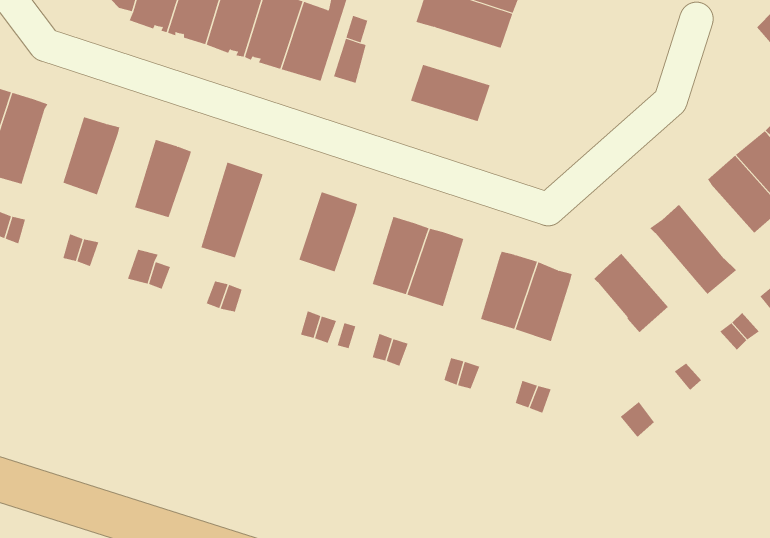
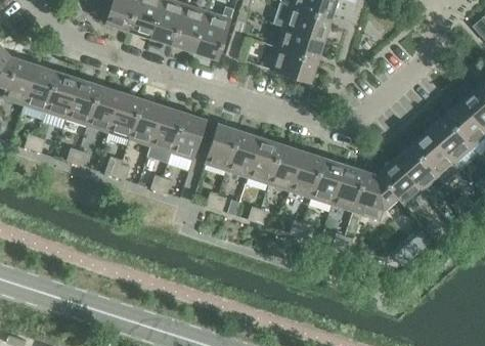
building: none -> [277,27,323,60]
building: none -> [45,72,79,118]
building: none -> [87,85,121,132]
building: none -> [129,99,163,145]
building: none -> [171,113,206,160]
building: none -> [428,116,472,162]
building: none -> [226,130,260,177]
building: none -> [394,144,438,190]
building: none -> [290,150,323,198]
building: none -> [353,171,397,219]

